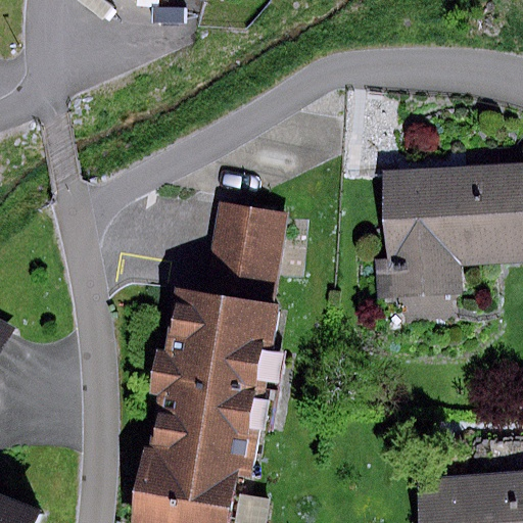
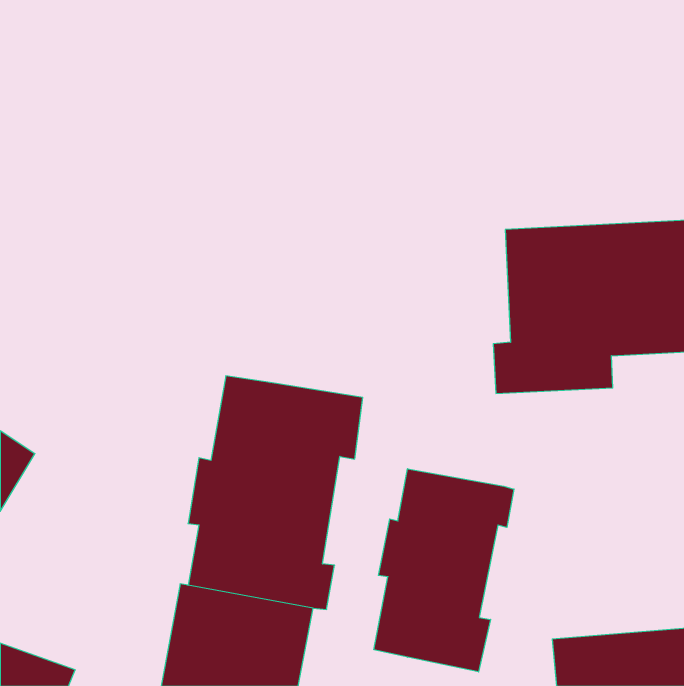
building: [207,204,291,302] -> none
building: none -> [374,469,514,672]

